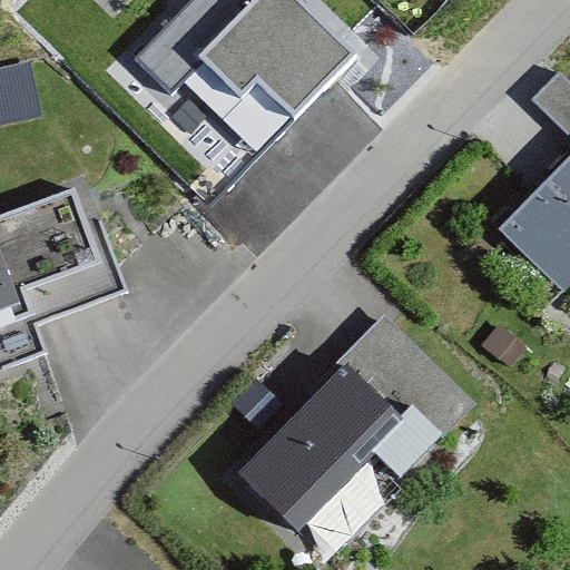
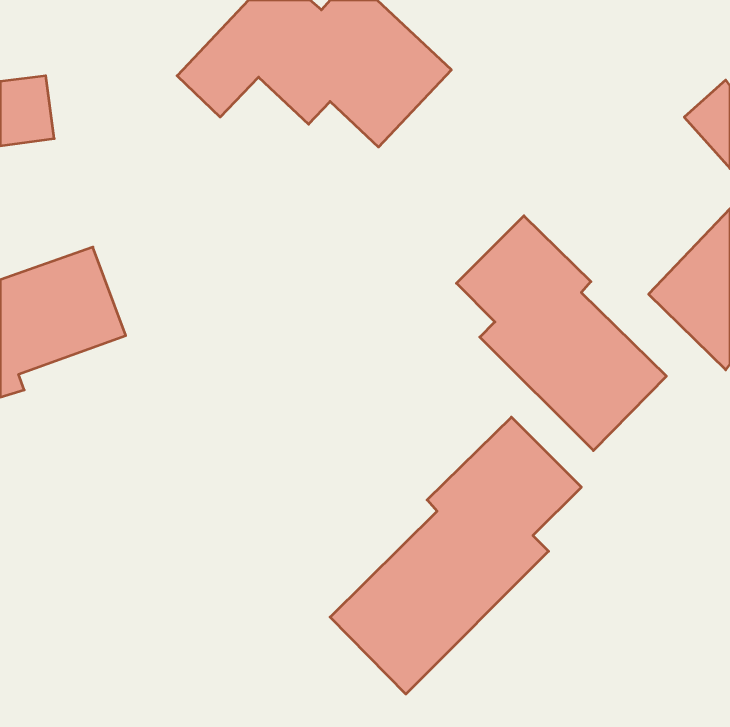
building: none -> [456,216,666,451]

